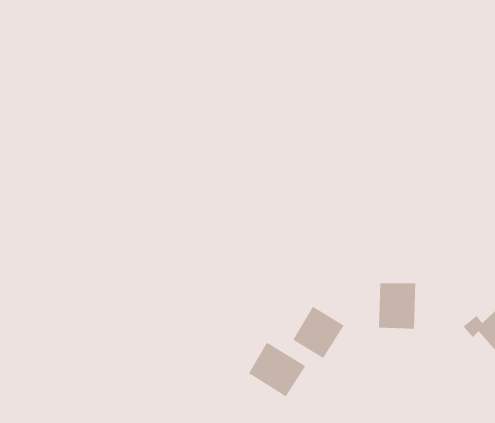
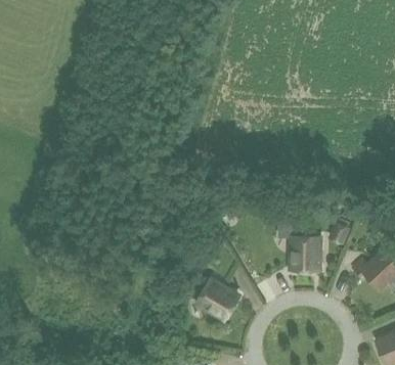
building: [292,306,345,359] -> none

